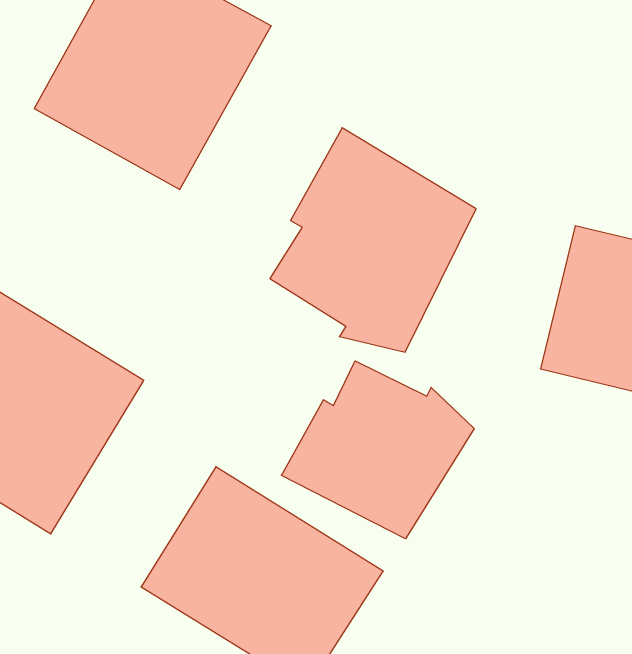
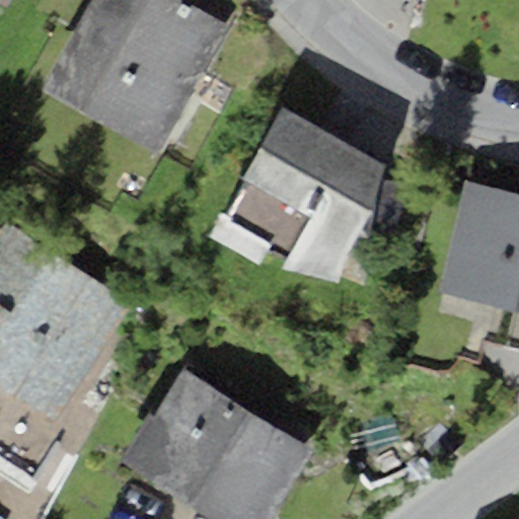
building: [281,361,474,539] -> none

